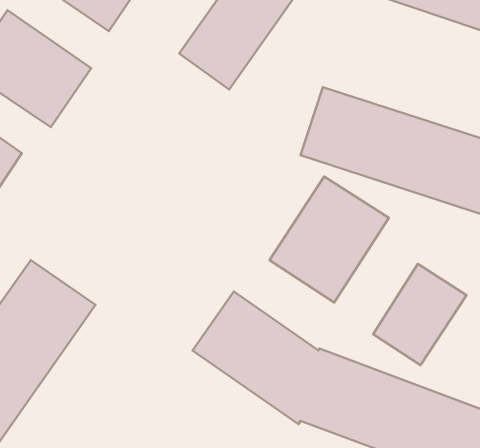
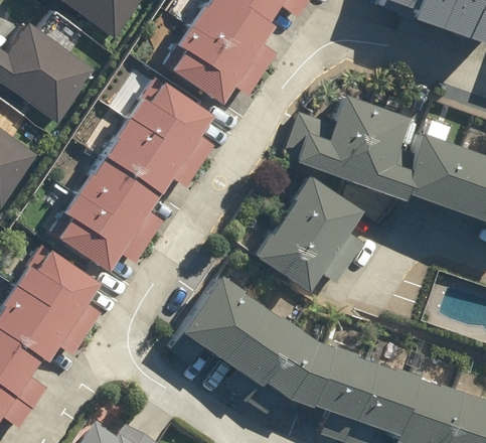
building: none -> [52,75,218,269]
building: [373,264,466,365] -> none

